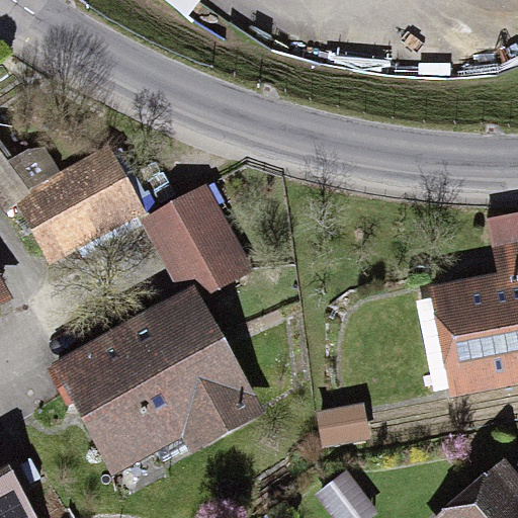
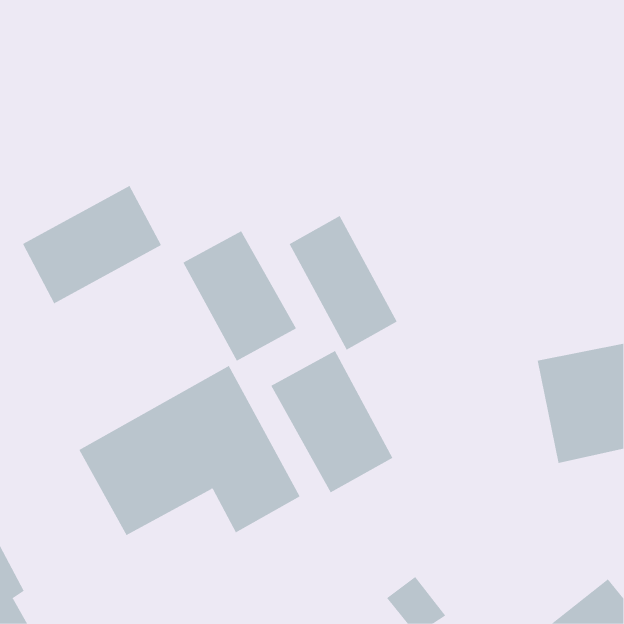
building: none -> [289,215,398,351]
building: none -> [271,350,393,493]

